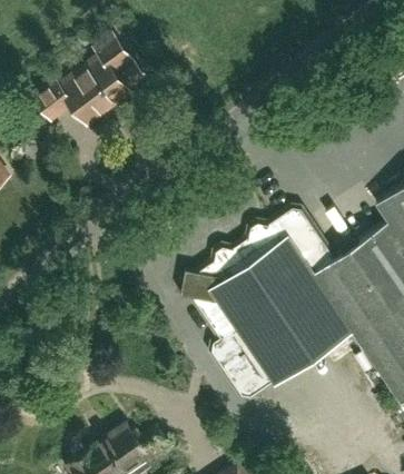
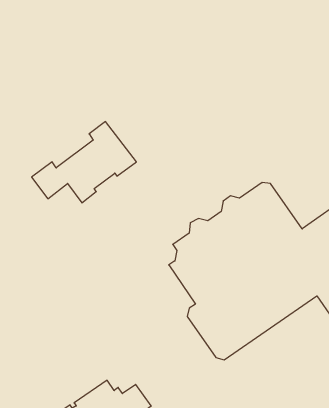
building: [32,38,146,126] -> [32,122,136,203]

